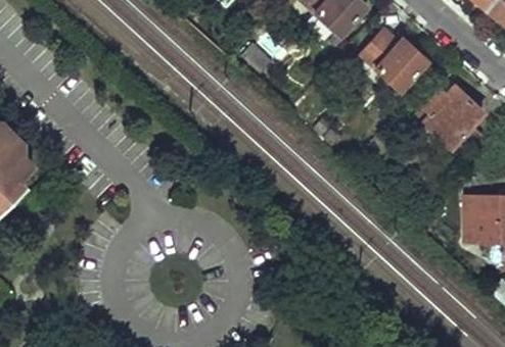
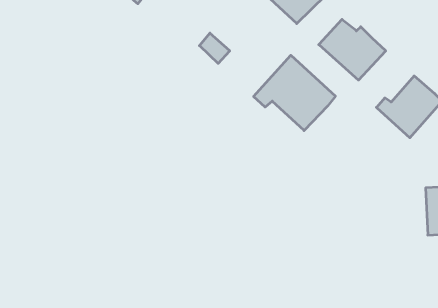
building: none -> [254,55,335,131]

